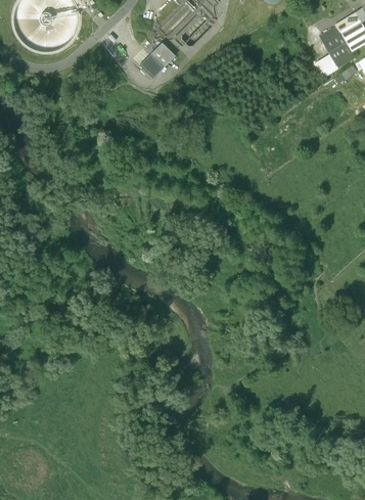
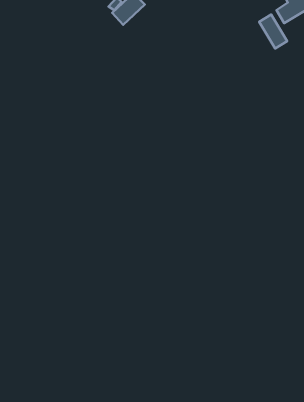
building: none -> [259,14,287,49]

